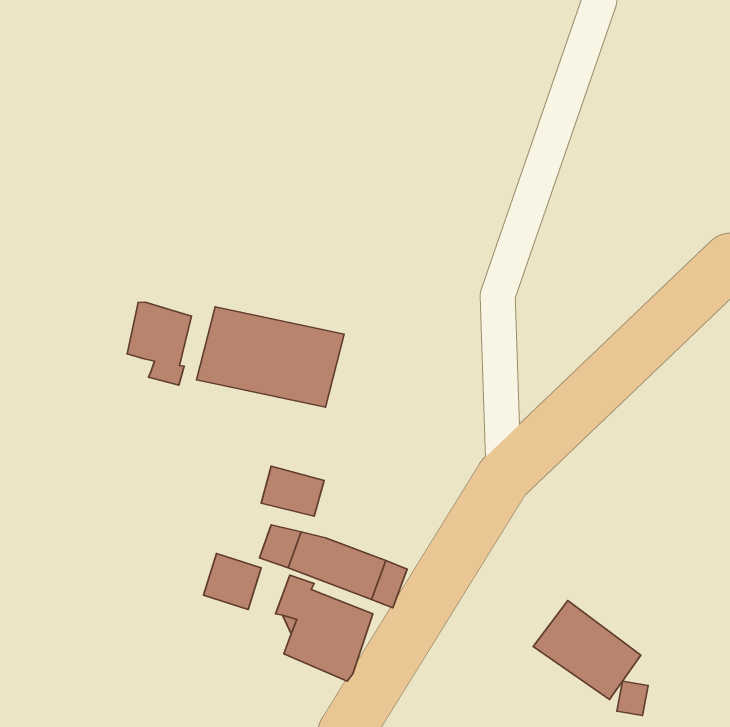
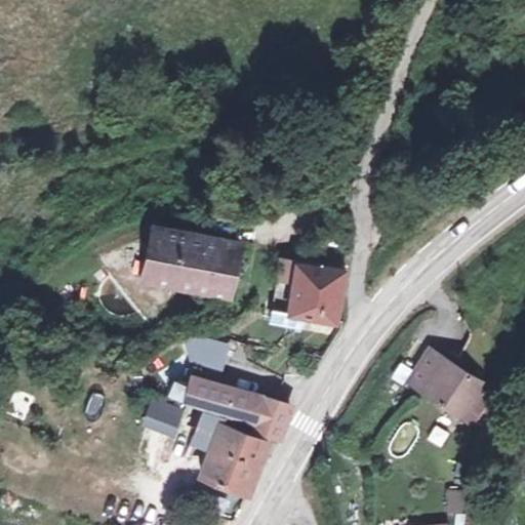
building: [127,302,191,385] -> none
building: none -> [273,258,351,322]
building: [533,601,641,700] -> [410,354,487,425]

